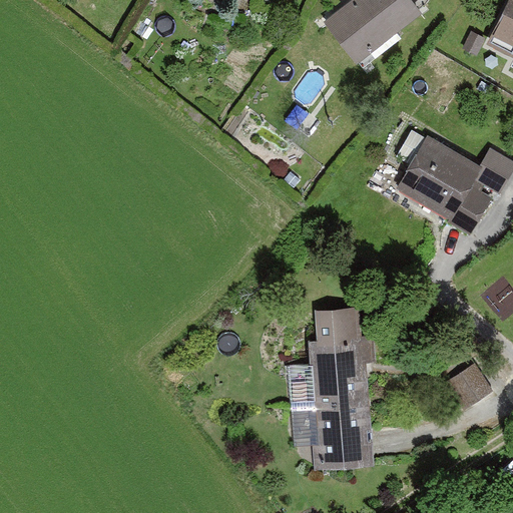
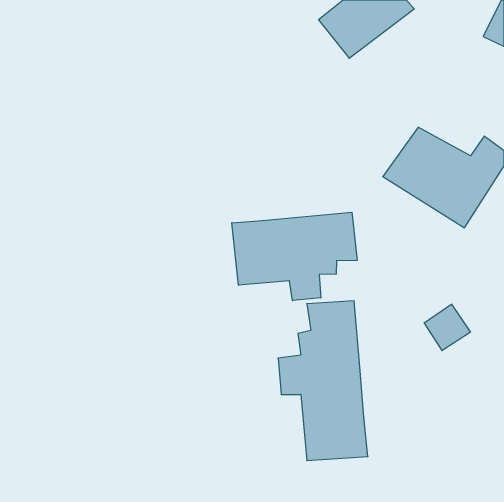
building: none -> [232,212,357,301]
building: [447,363,494,410] -> [424,304,471,351]

